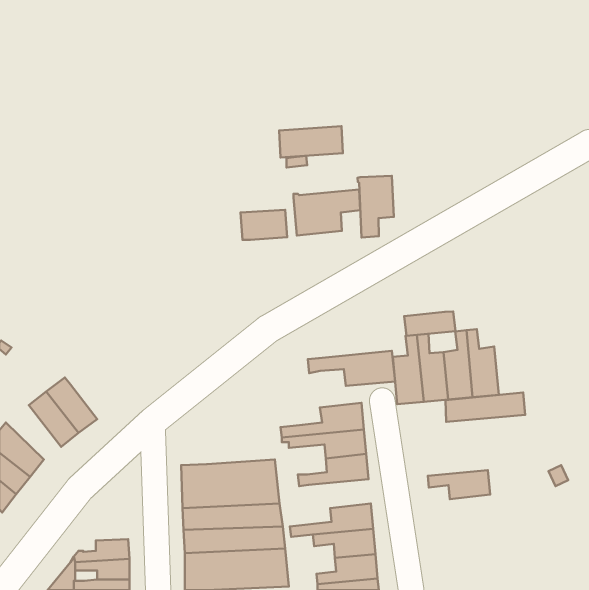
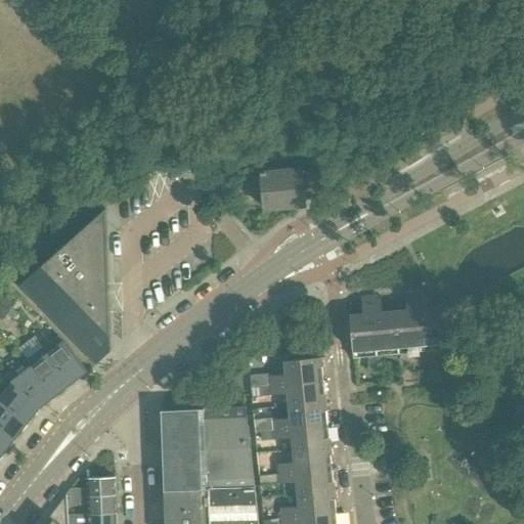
building: [279,126,343,158] -> none
building: [357,176,394,238] -> none
building: [240,210,287,240] -> none
building: none -> [17,209,110,365]
building: [404,311,455,336] -> none
building: [308,351,395,386] -> none
building: [445,392,525,422] -> none
building: none -> [5,359,54,407]
building: [428,470,490,499] -> [273,425,329,450]

